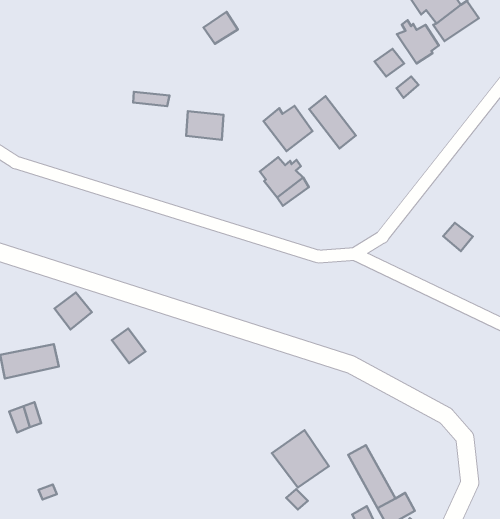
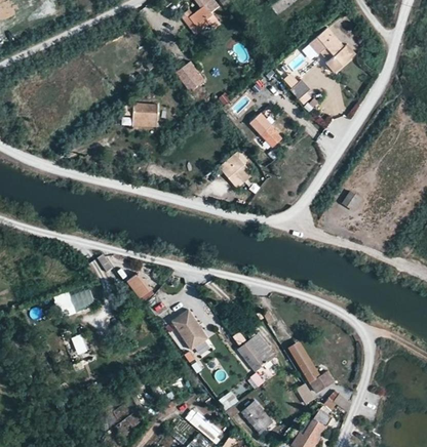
building: [397,20,439,63] -> none
building: [263,106,312,151] -> none
building: [186,111,223,140] -> [132,103,156,120]
building: none -> [172,310,208,350]

